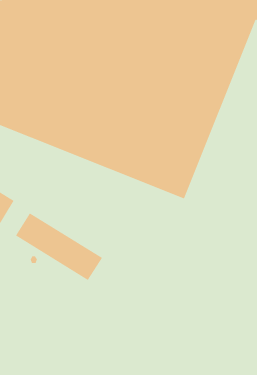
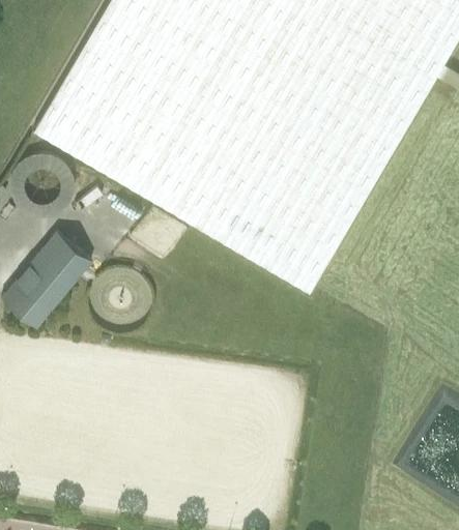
building: [15,212,103,281] -> none

